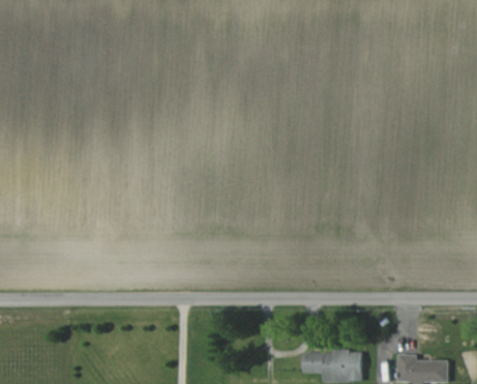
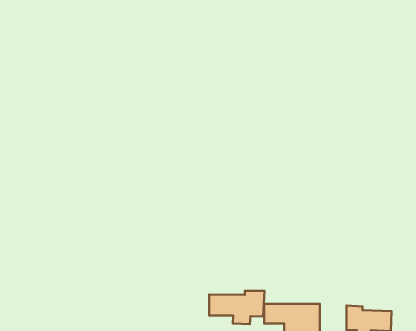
building: none -> [209,291,264,324]

